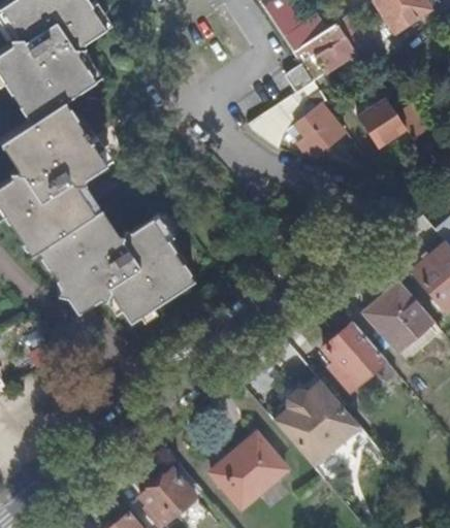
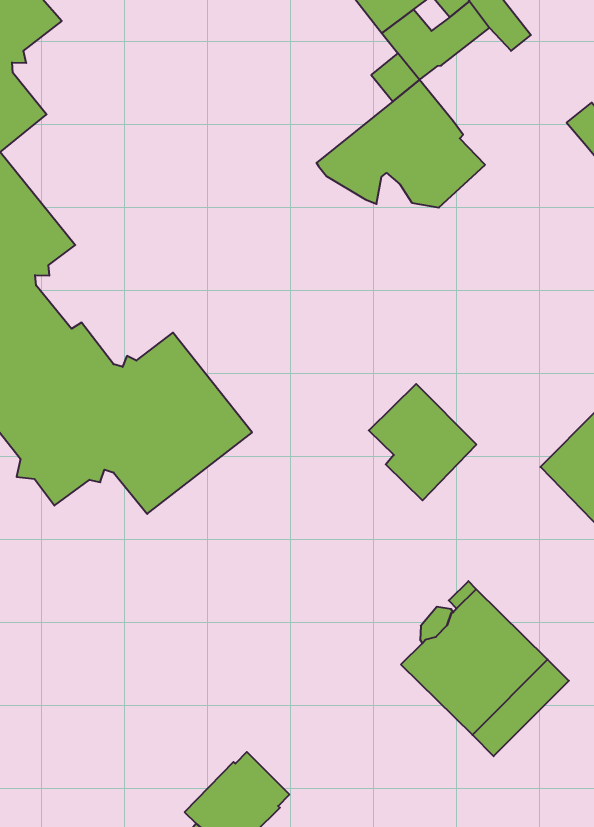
building: [359,90,407,147] -> none
building: [323,323,385,391] -> [369,384,476,500]
building: [213,434,288,506] -> none

